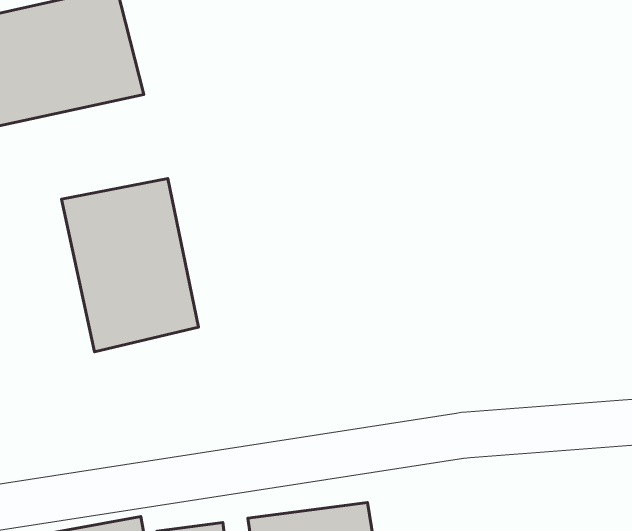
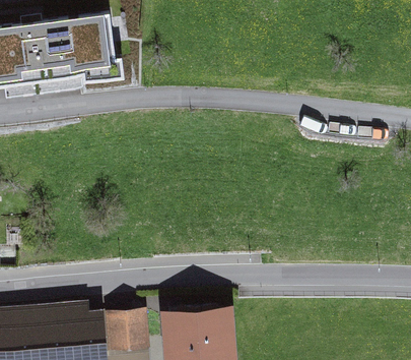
building: [61,178,198,352] -> none

